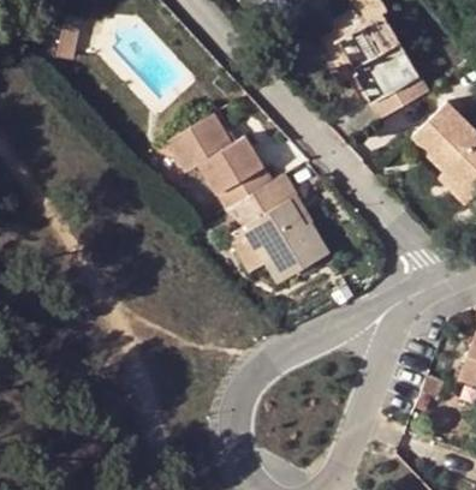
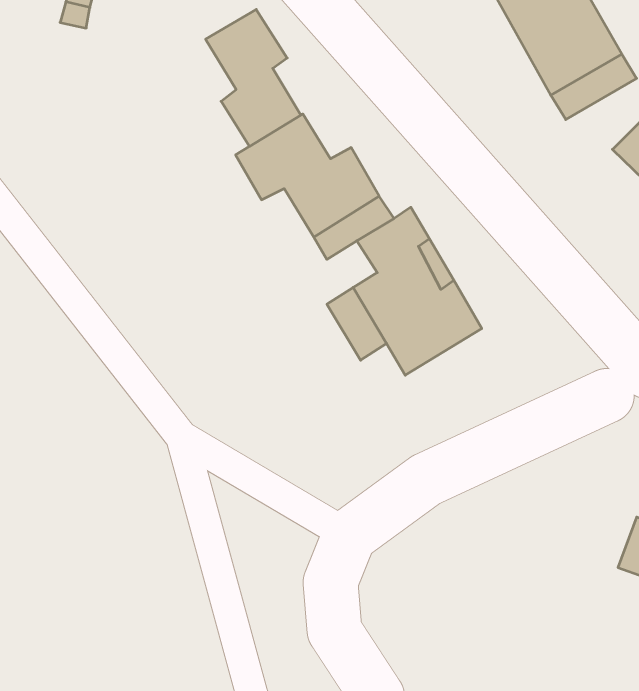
building: none -> [206,9,301,146]

